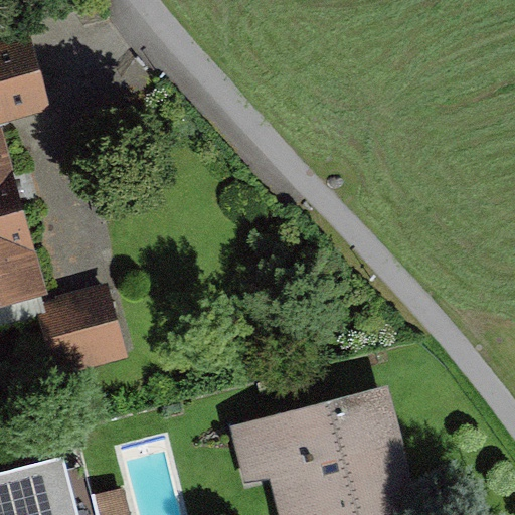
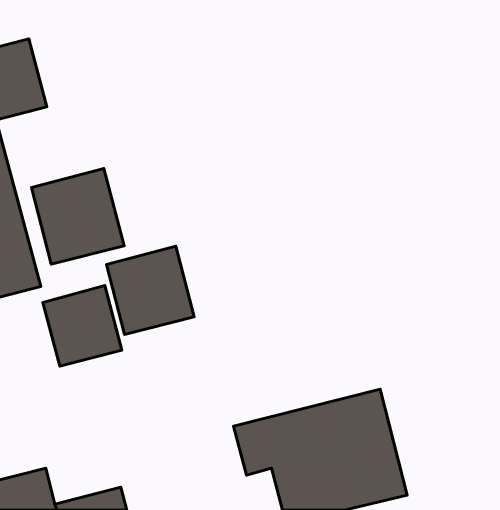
building: none -> [31,168,124,264]
building: none -> [107,246,194,334]

